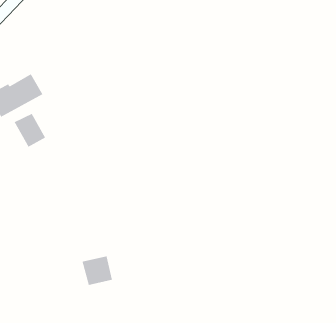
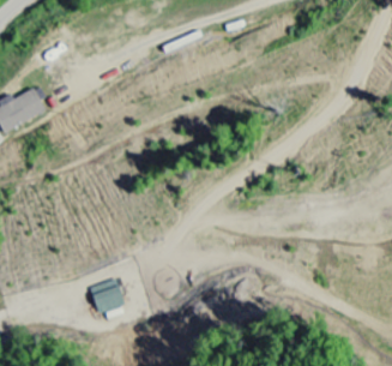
building: [13,113,46,148] -> none

